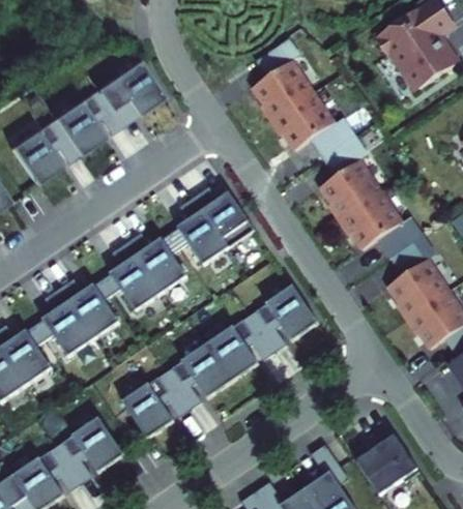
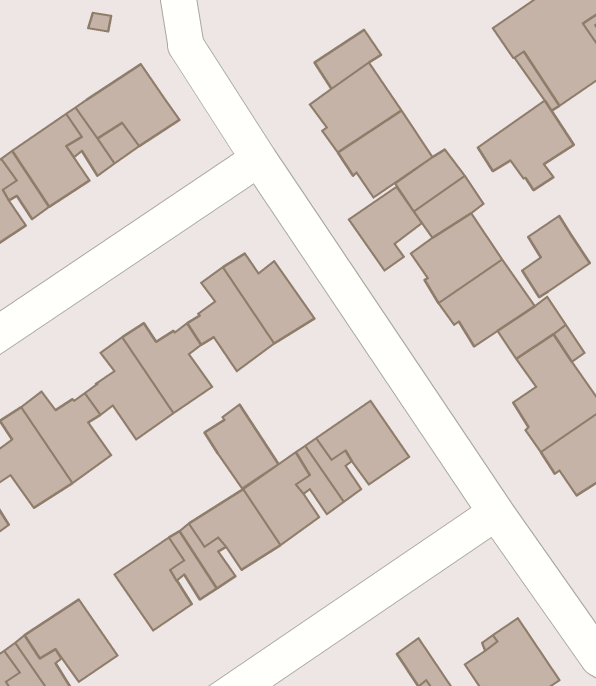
building: none -> [478,101,574,190]
building: none -> [349,187,422,271]
building: none -> [522,216,590,297]
building: none -> [205,404,279,489]

